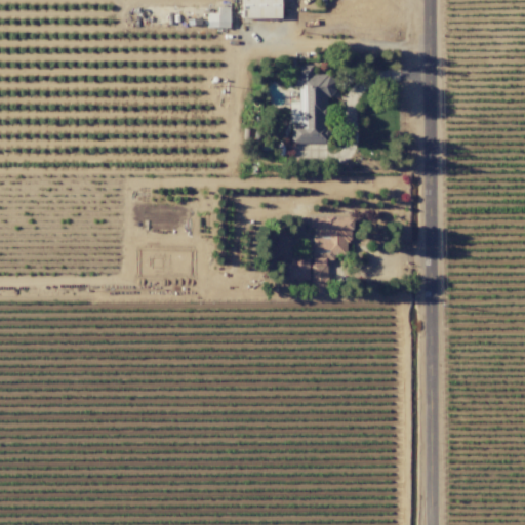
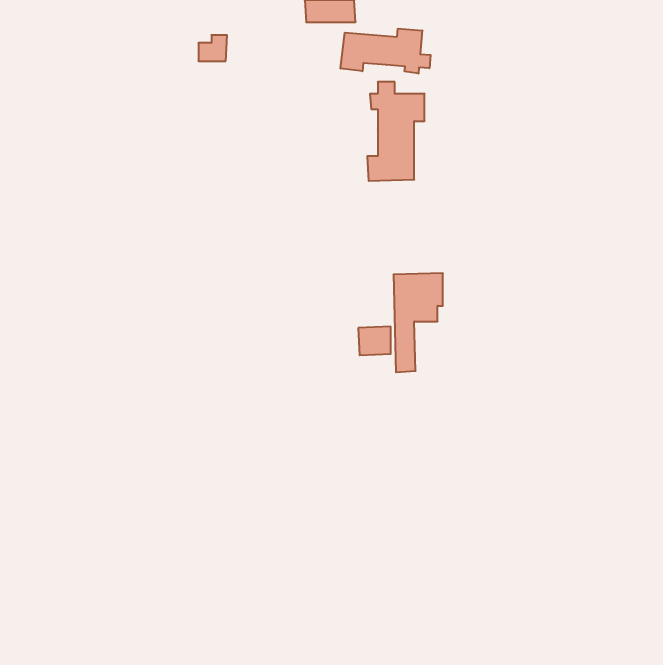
building: [208,6,231,27] -> [198,35,227,61]
building: none -> [341,29,431,74]

